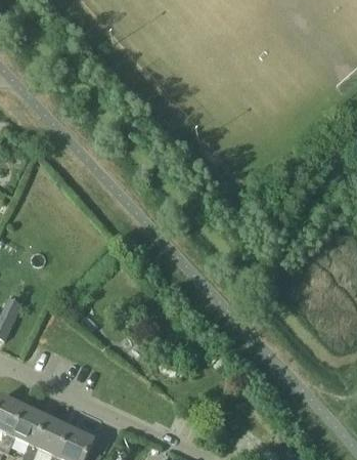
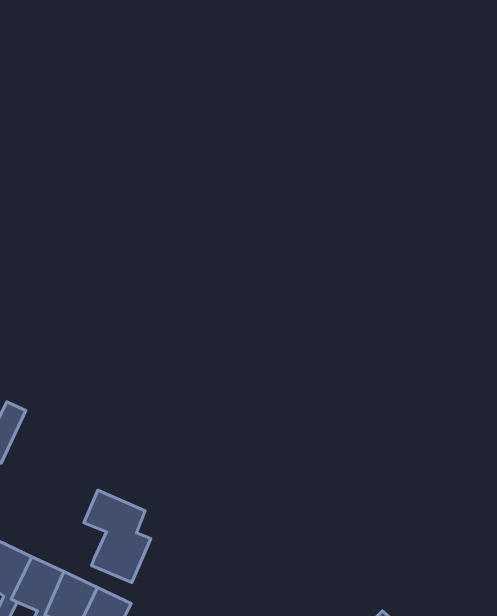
building: none -> [84,490,151,583]

